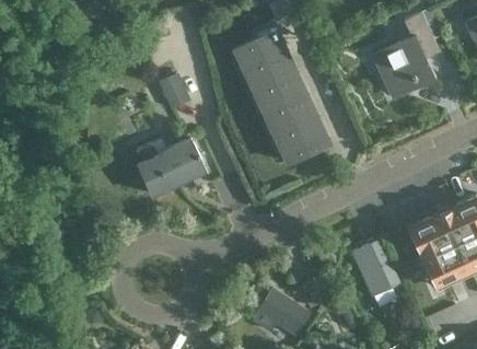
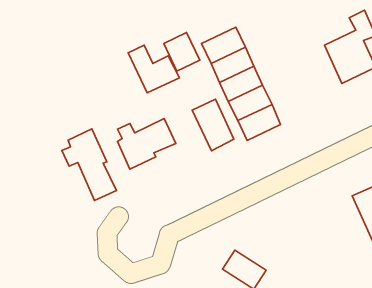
building: none -> [164,32,200,71]
building: none -> [192,99,234,151]
building: none -> [62,129,116,200]
building: [350,240,398,307] -> none

